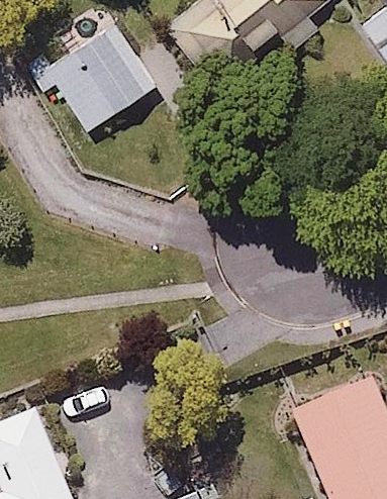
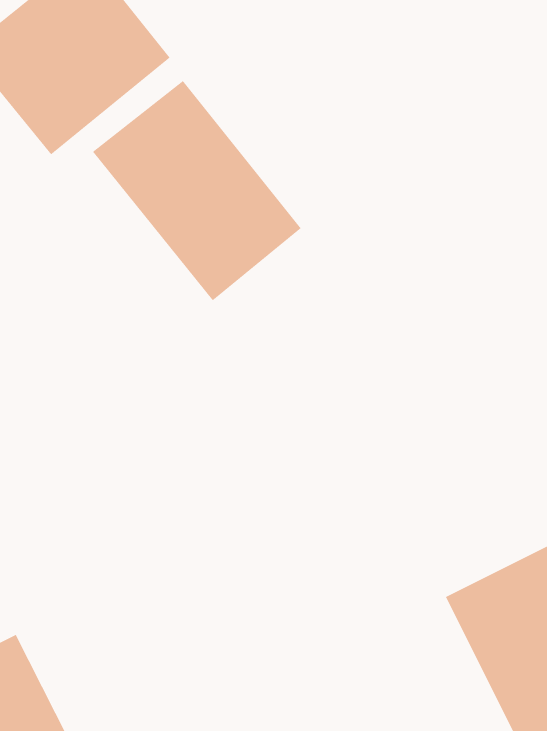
building: none -> [92,80,302,301]

